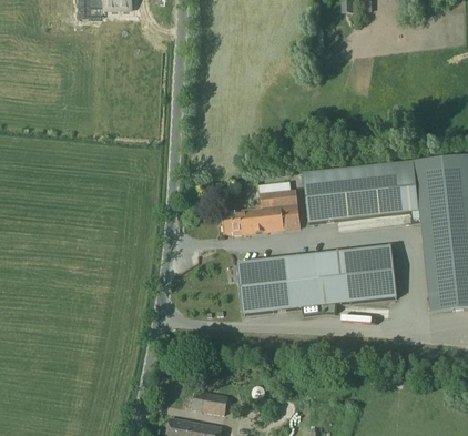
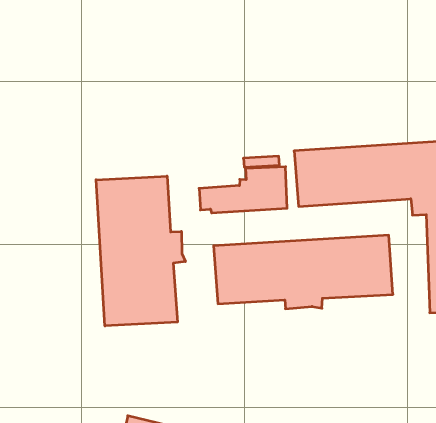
building: none -> [96,176,185,326]
building: [192,389,227,413] -> none

